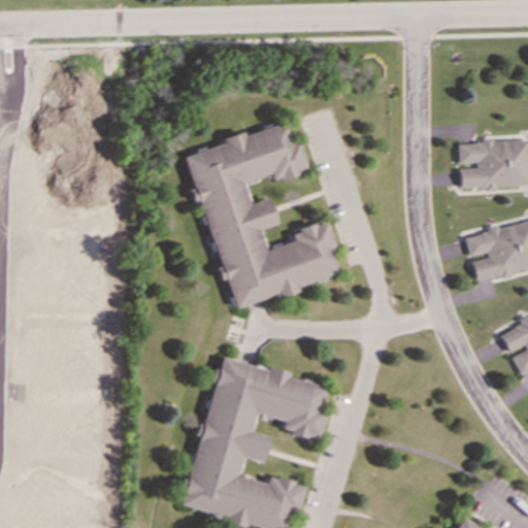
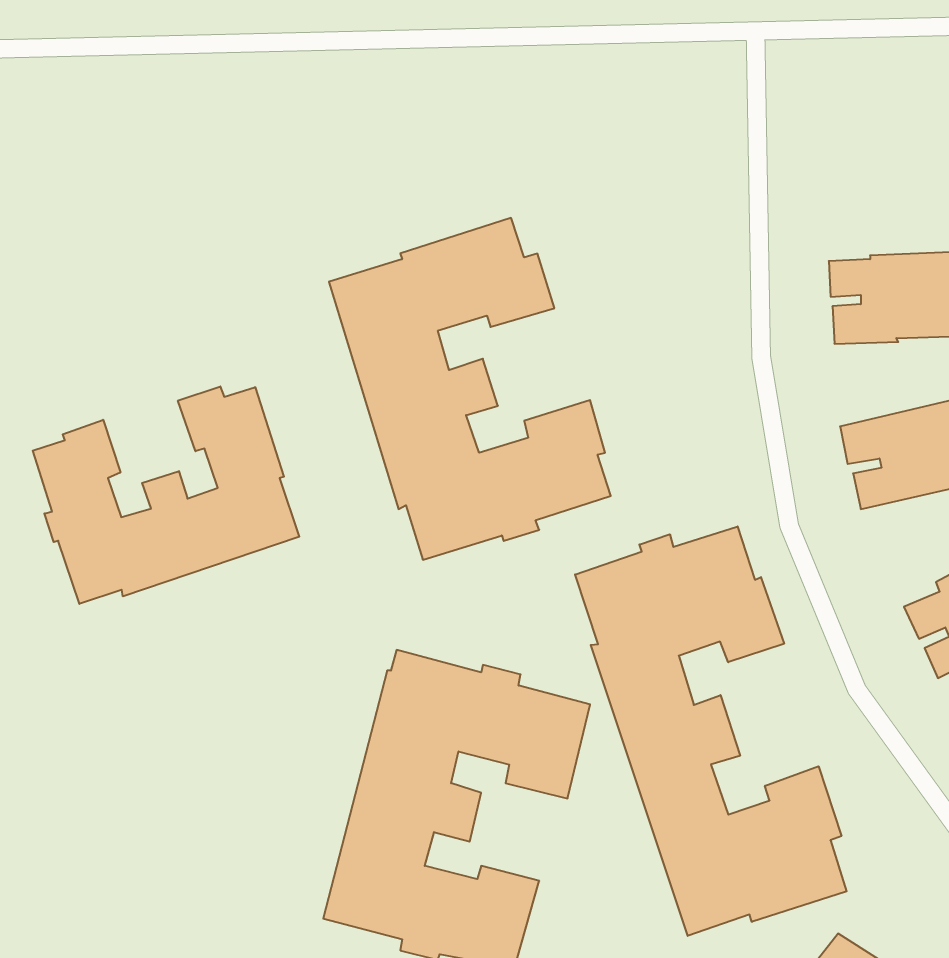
building: none -> [33,386,299,604]
building: none -> [575,526,847,936]

